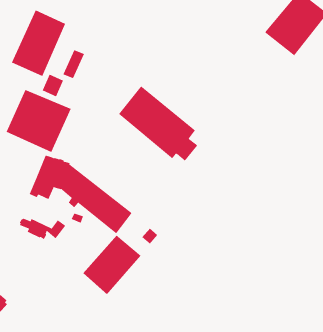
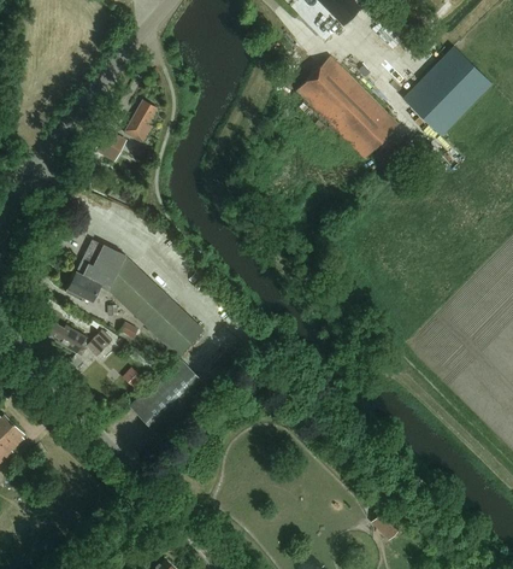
building: [11,10,66,77] -> none
building: [118,85,198,162] -> [295,55,400,164]
building: [6,89,72,153] -> none

